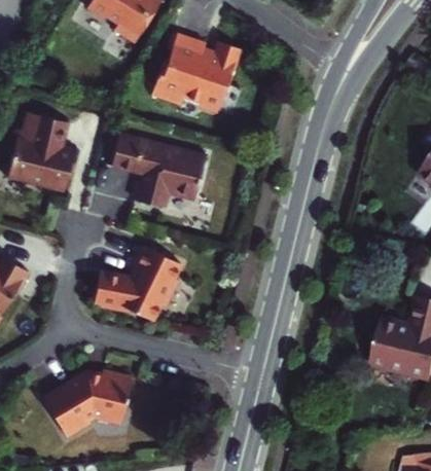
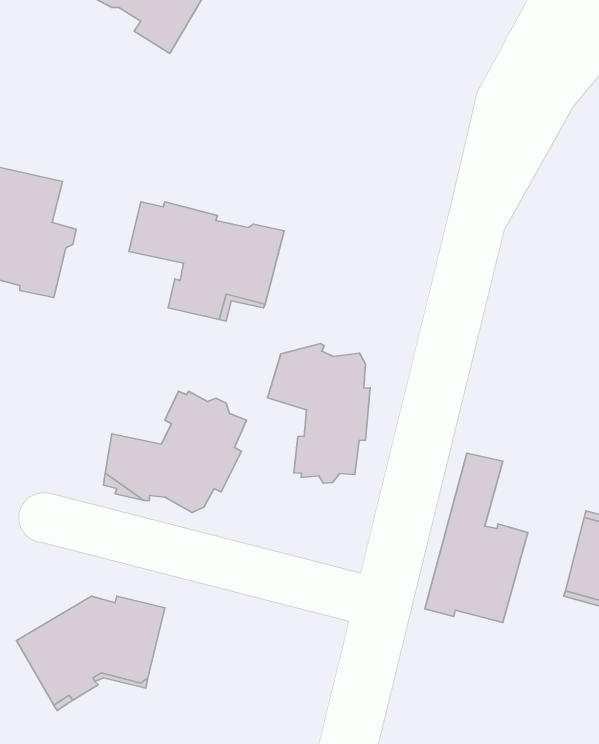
building: [150,32,241,111] -> none
building: none -> [267,343,370,483]
building: none -> [425,453,528,622]

